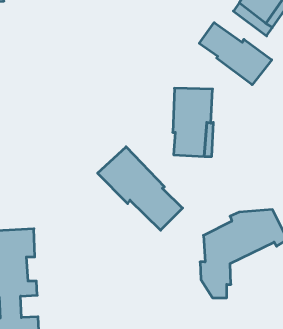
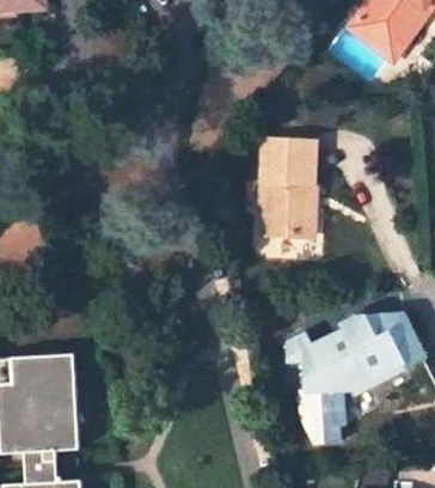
building: [199,23,272,85] -> none
building: [98,147,183,230] -> none

